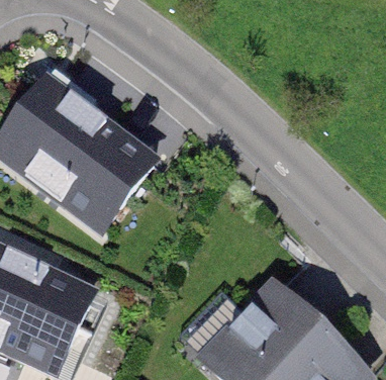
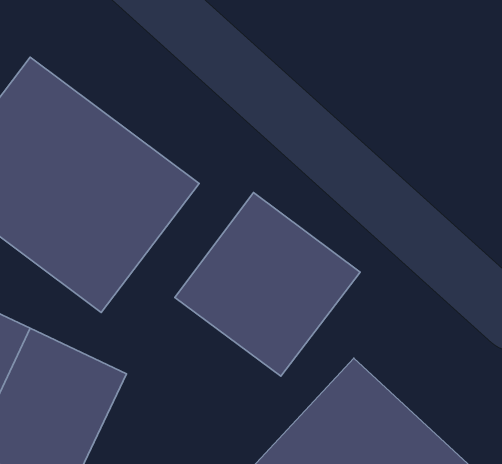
building: none -> [175,192,360,376]

